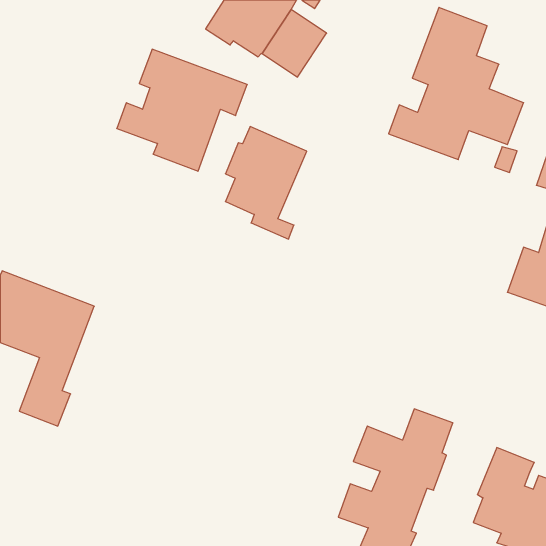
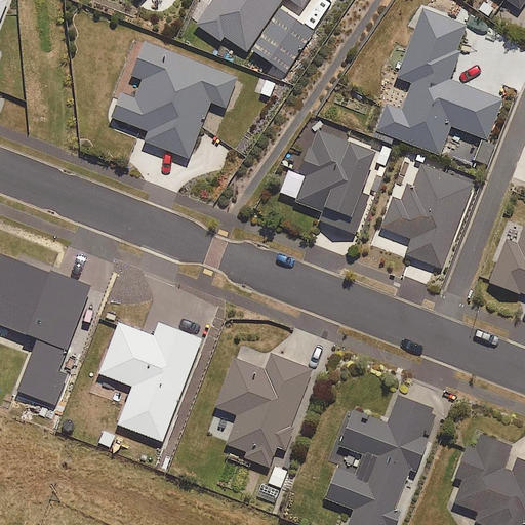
building: [225,127,307,239] -> [294,128,372,236]
building: none -> [379,163,473,269]
building: none -> [99,318,203,439]
building: none -> [218,353,311,465]

